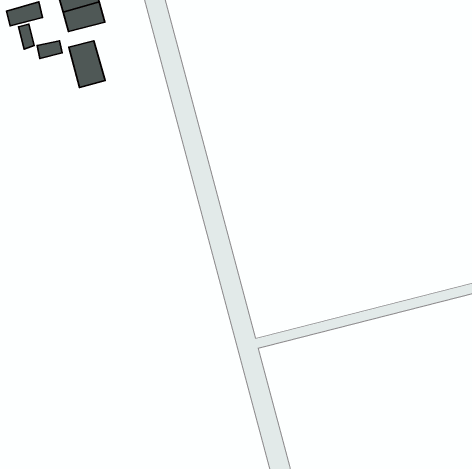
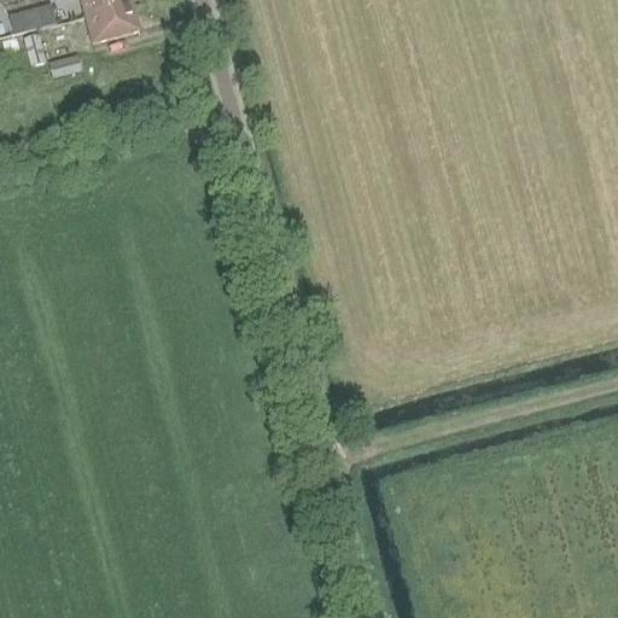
building: [69,41,105,87] -> none

